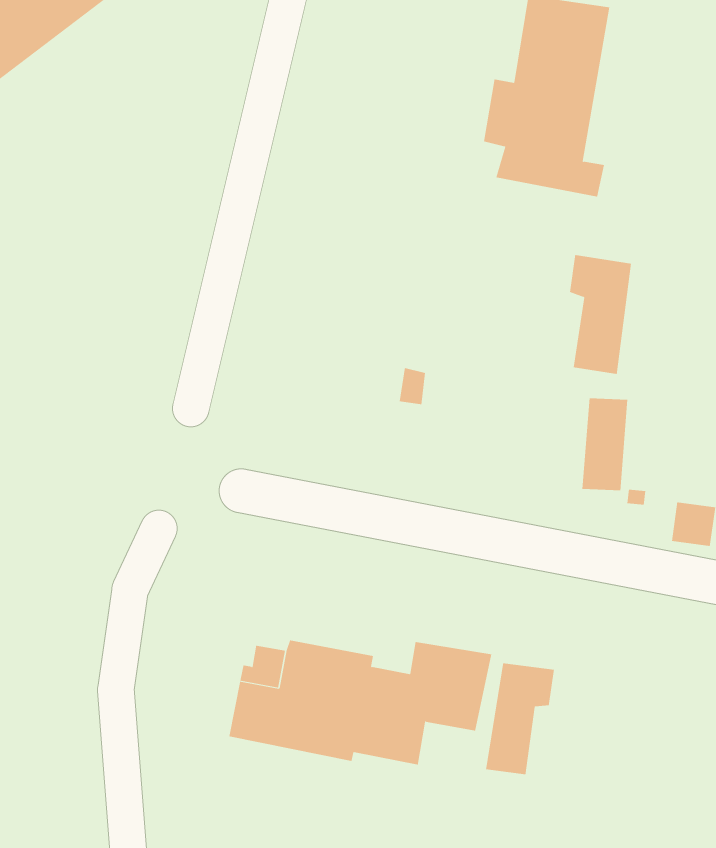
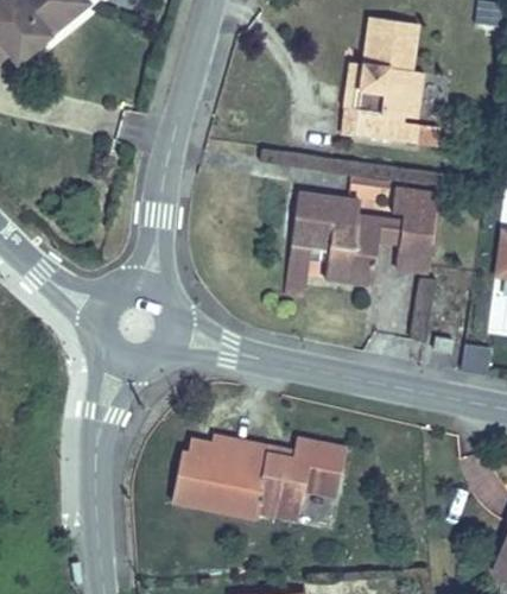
building: none -> [291,184,379,276]
building: [485,662,555,775] -> none

